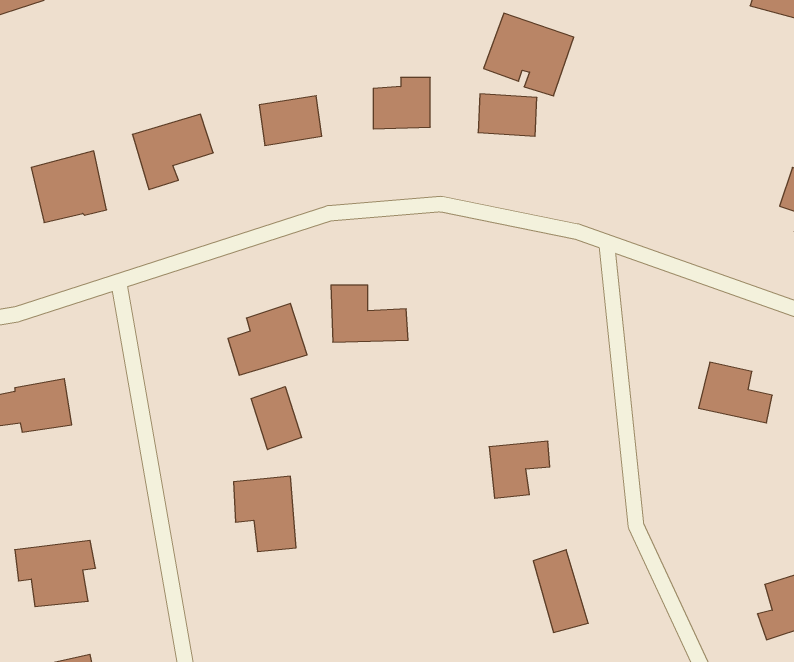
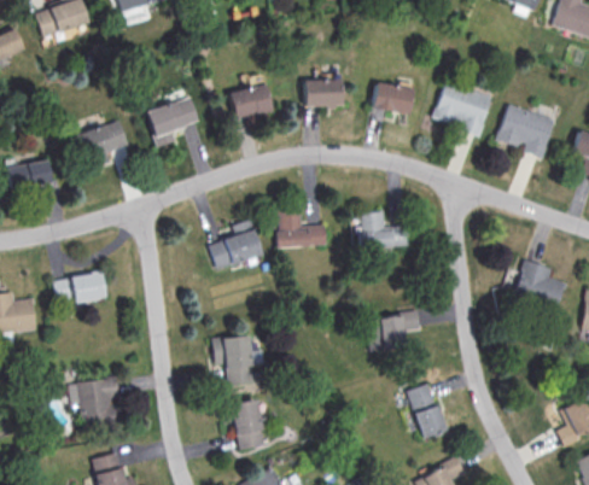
building: [484,13,574,96] -> [431,82,490,136]
building: none -> [495,105,554,160]
building: none -> [358,210,409,250]
building: [251,387,302,450] -> none
building: none -> [231,398,266,450]

